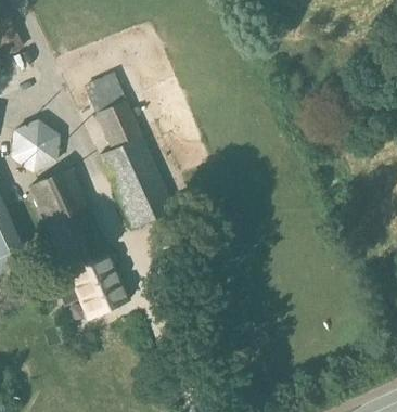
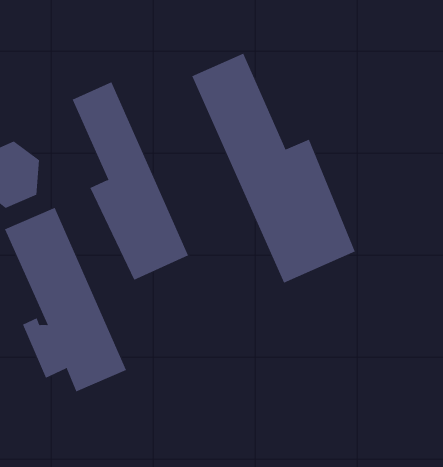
building: none -> [192,53,356,283]

